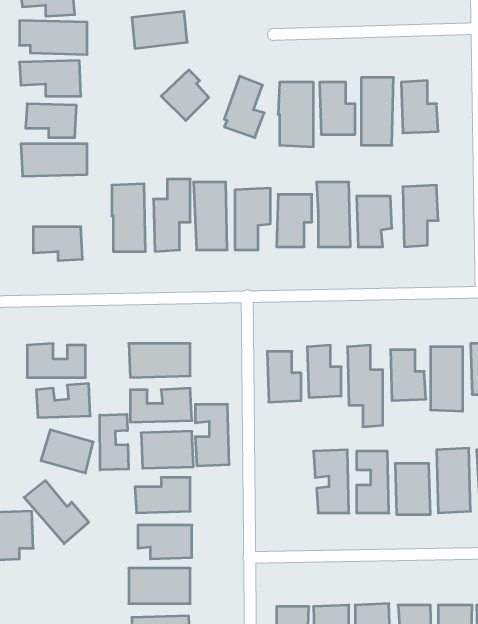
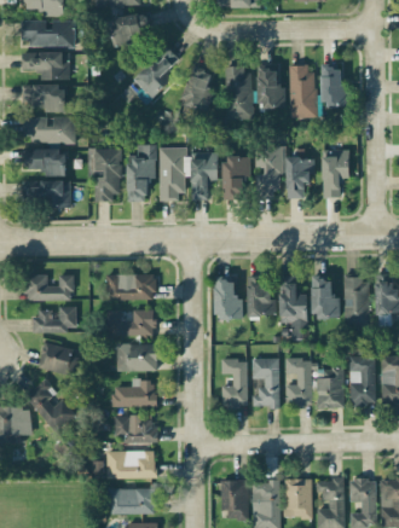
building: none -> [25,150,65,176]
building: [195,404,229,466] -> [221,360,248,408]
building: [100,414,129,470] -> none

